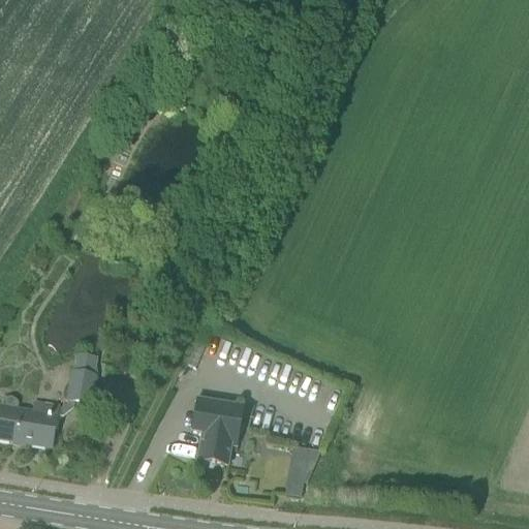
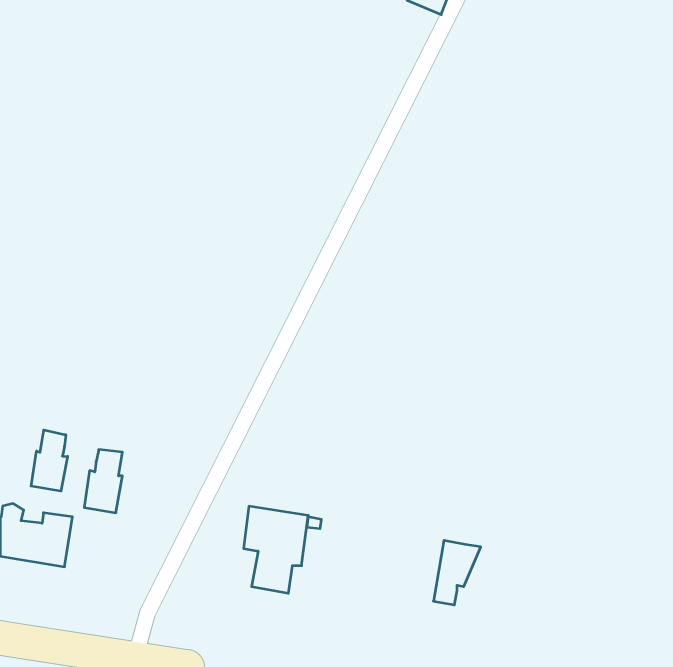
building: none -> [31,430,68,491]
building: [284,445,321,496] -> [433,540,481,605]

